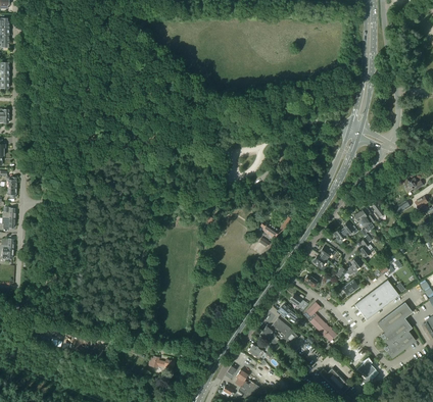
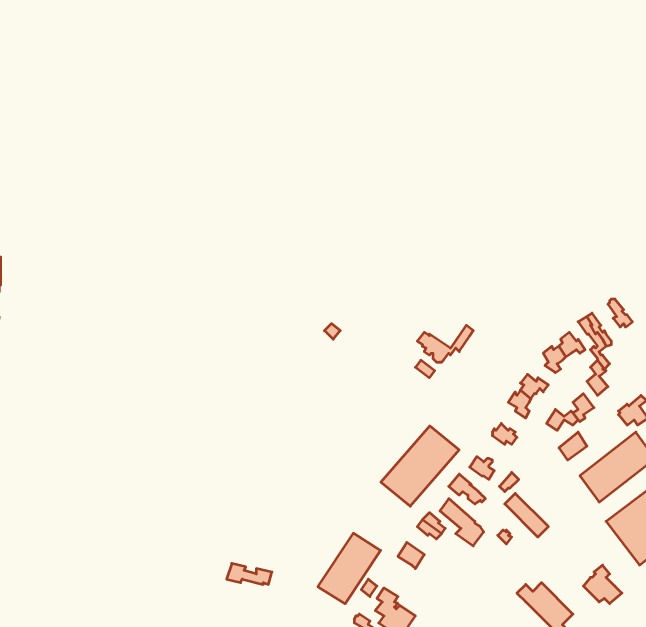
building: none -> [381,426,459,506]
building: none -> [318,533,381,604]

